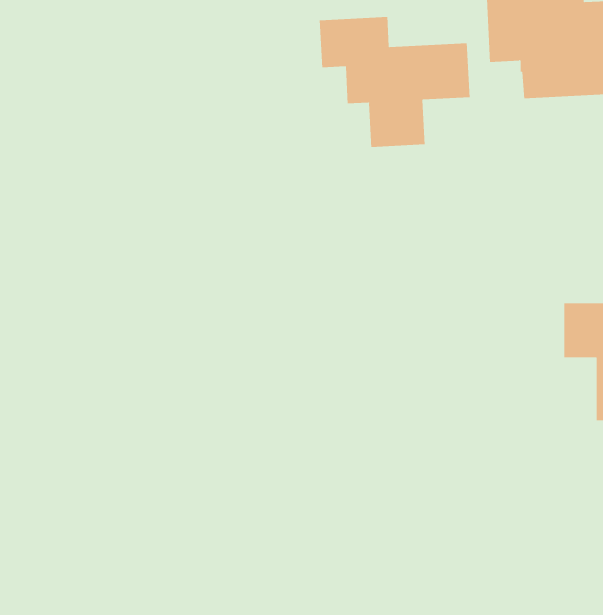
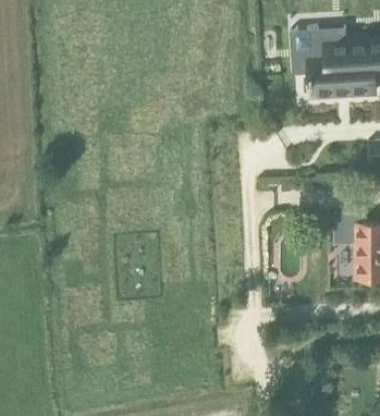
building: [319,16,470,148] -> none

